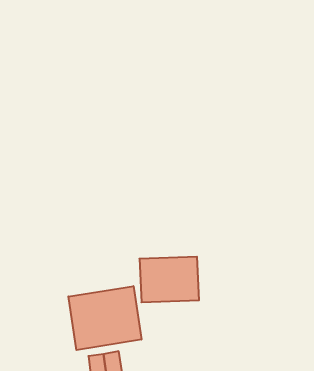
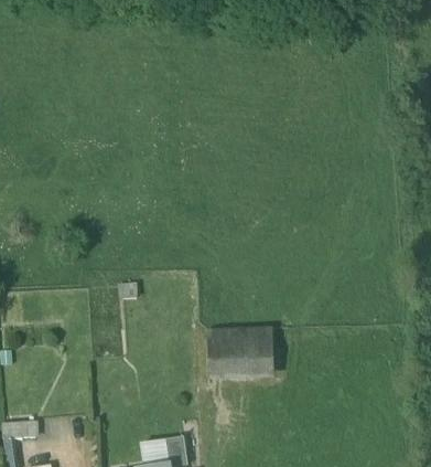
building: [68,286,141,350] -> none

